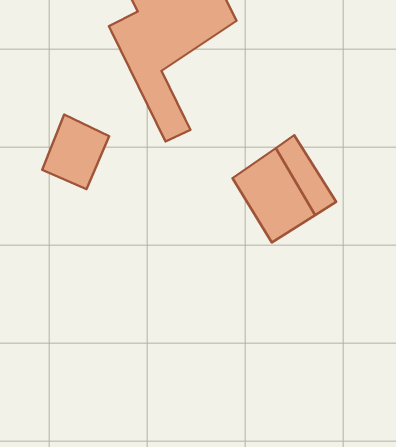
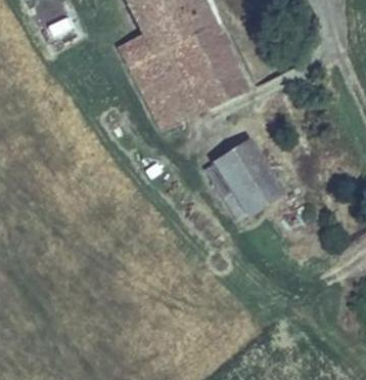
building: none -> [159,41,241,118]
building: [42,115,109,189] -> none

